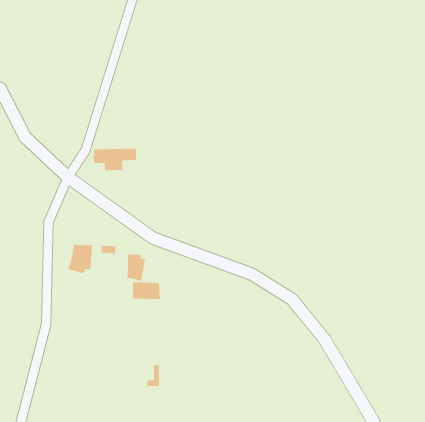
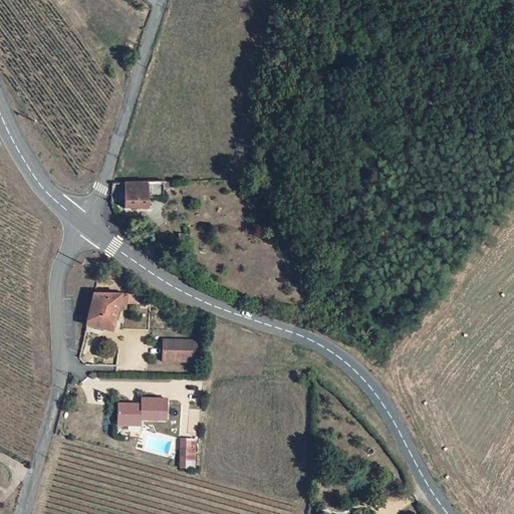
building: [126,254,146,281] -> none
building: none -> [119,399,165,433]

